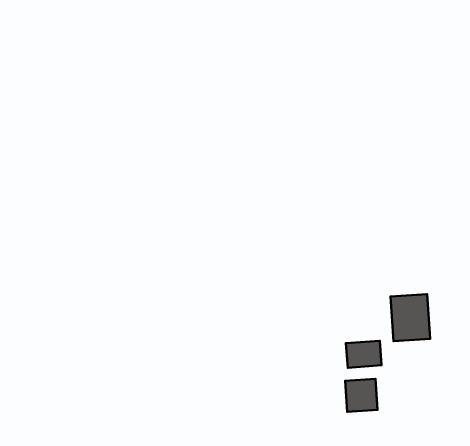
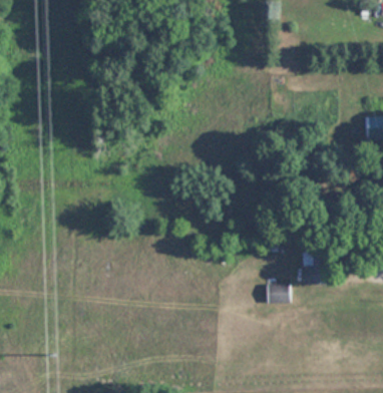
building: [345,379,378,412] -> none

